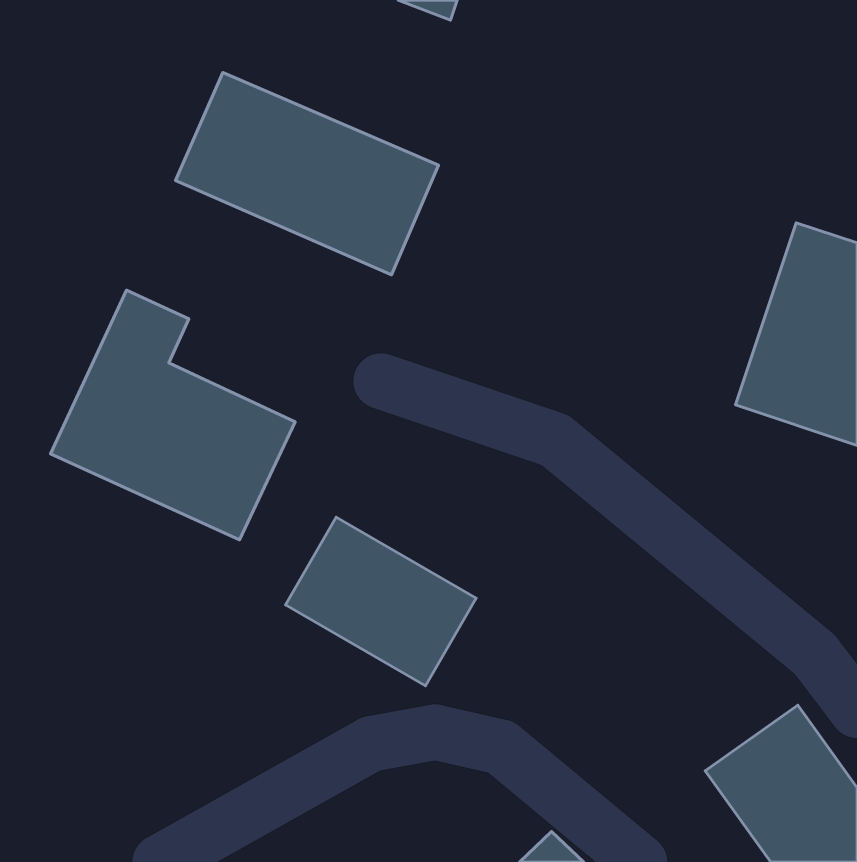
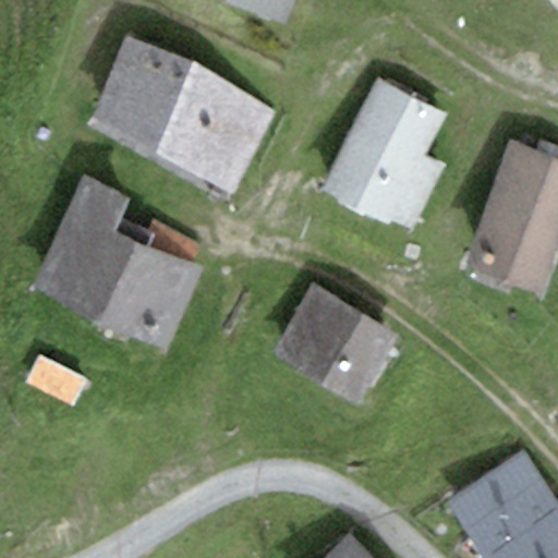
building: none -> [320,88,442,233]
building: [286,517,476,686] -> [271,286,395,395]

